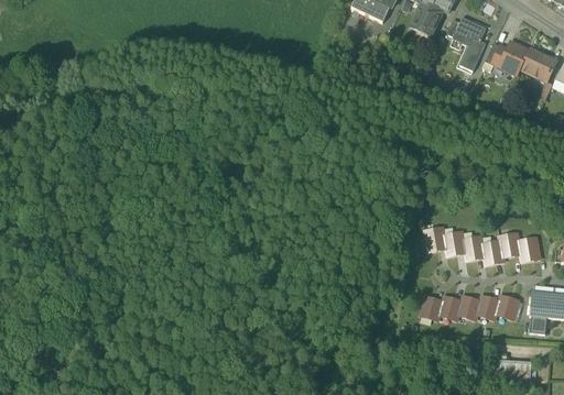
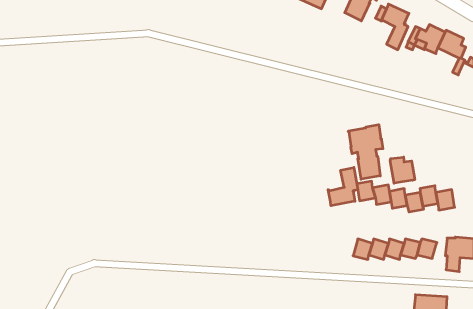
building: none -> [348,125,383,179]
building: none -> [390,157,415,183]
building: none -> [328,167,358,206]

